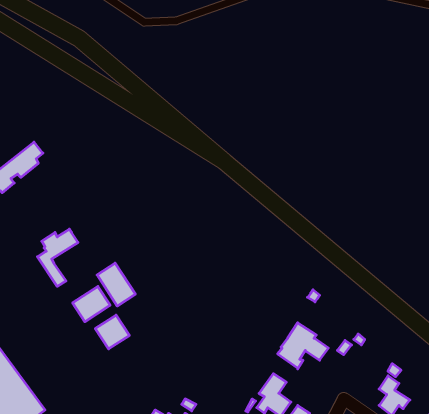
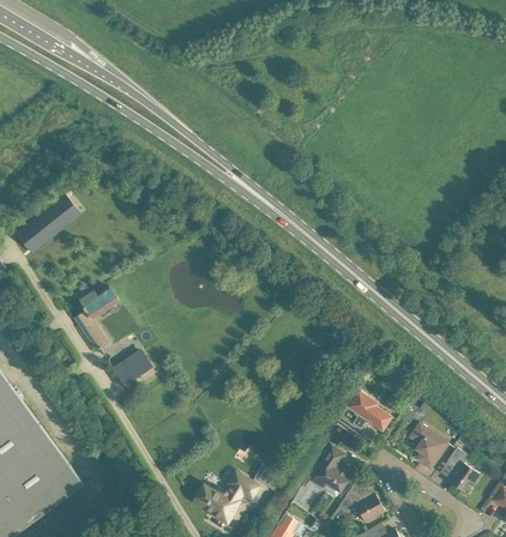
building: [97,263,135,306] -> none
building: [95,315,129,349] -> none
building: none -> [410,423,448,464]

